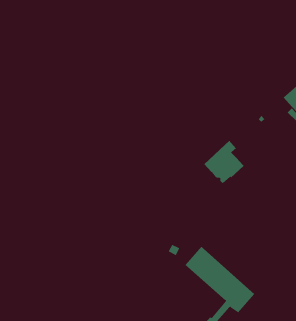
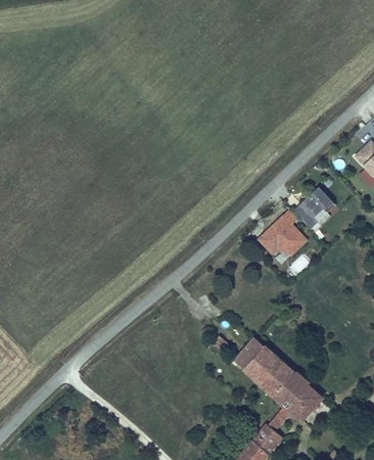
building: none -> [294,186,336,237]

